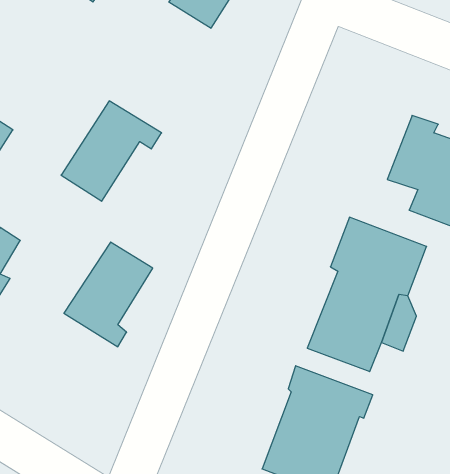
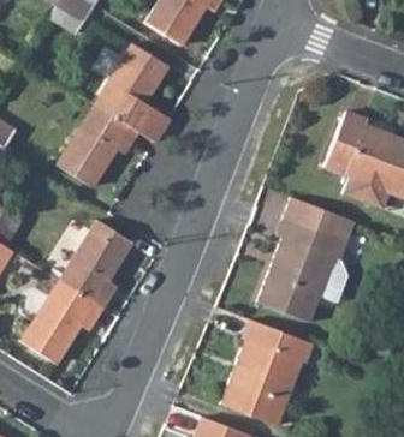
building: none -> [96,43,167,139]
building: none -> [20,279,103,361]

